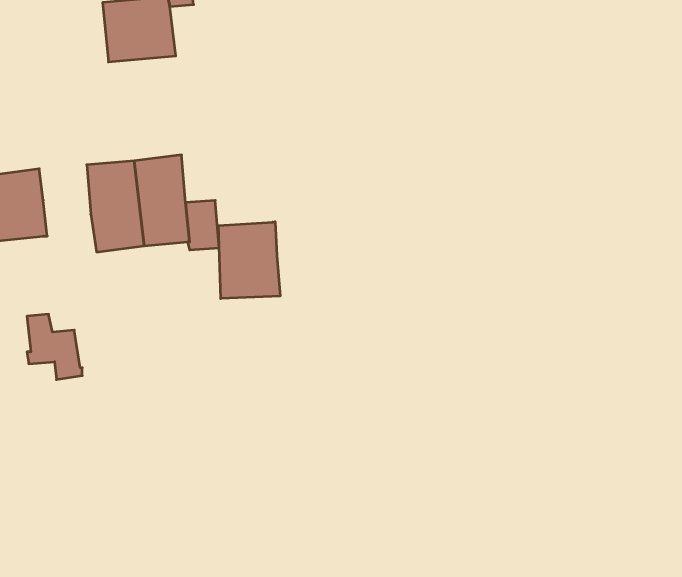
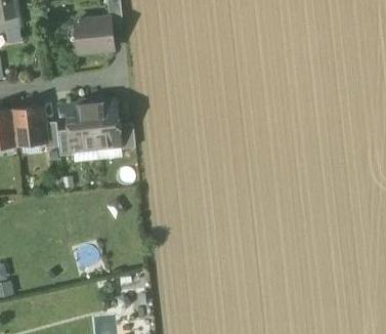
building: [219,222,280,299] -> none
building: [27,314,82,380] -> [44,122,73,156]

